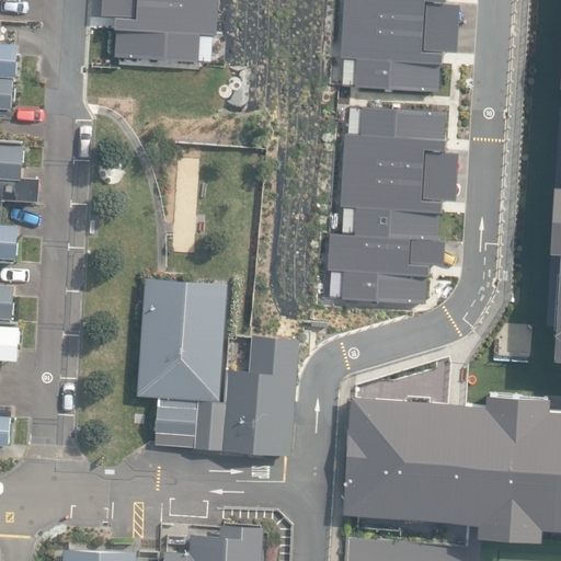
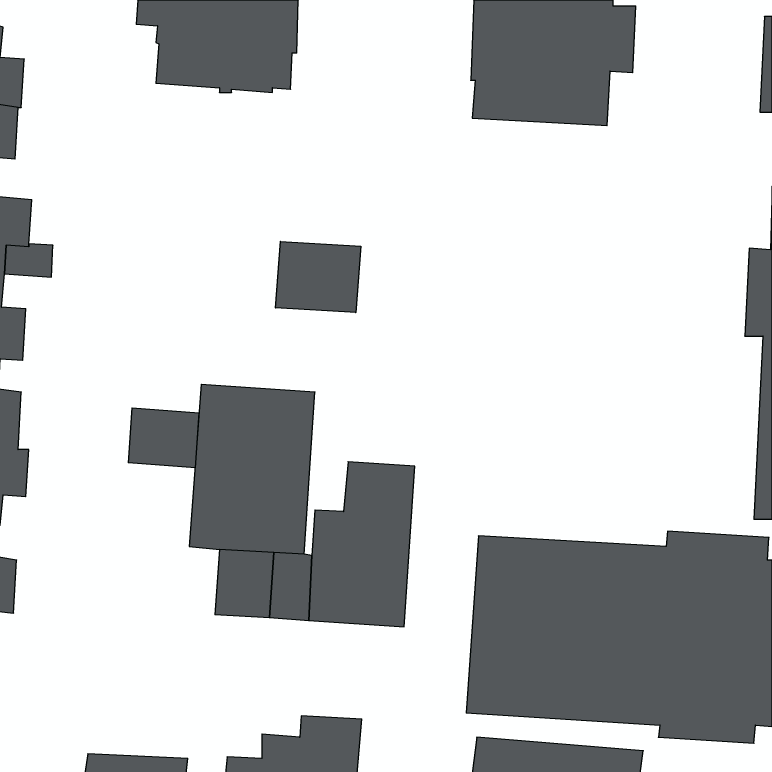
building: [328,108,459,302] -> none
building: none -> [276,241,361,313]
building: none -> [128,408,199,468]

